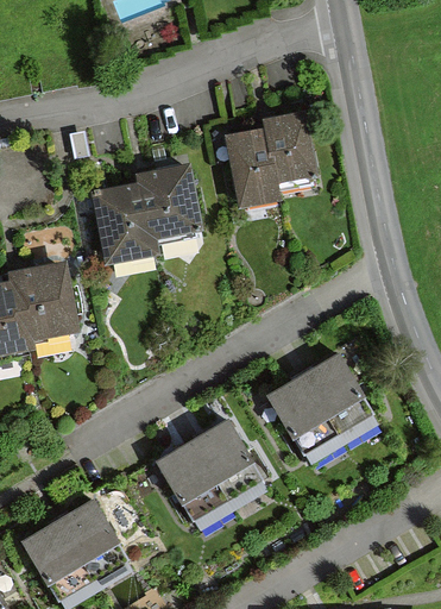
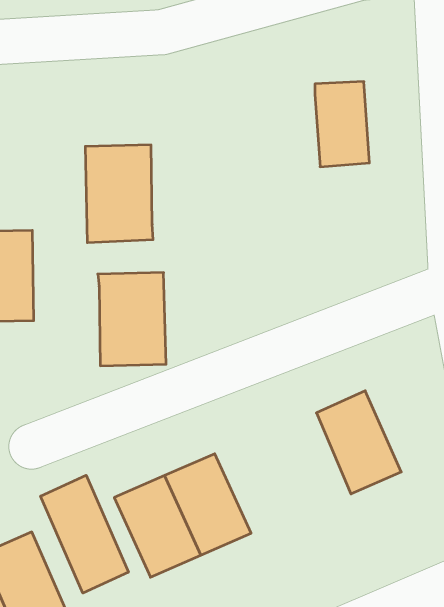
building: [226,126,281,203] -> none
building: [141,165,204,245] -> [98,273,166,366]
building: [265,375,338,457] -> none
building: none -> [41,475,128,593]

